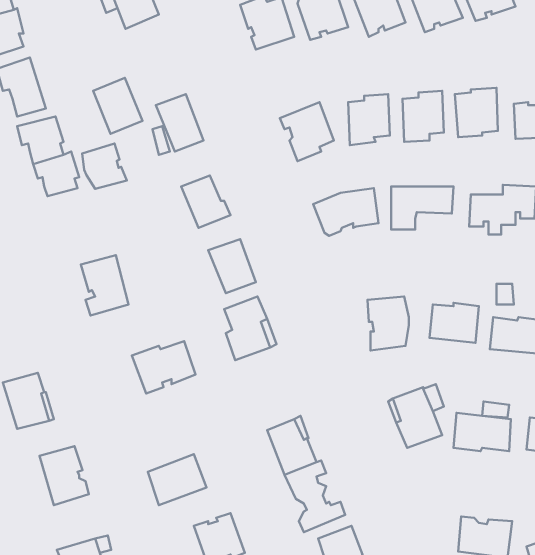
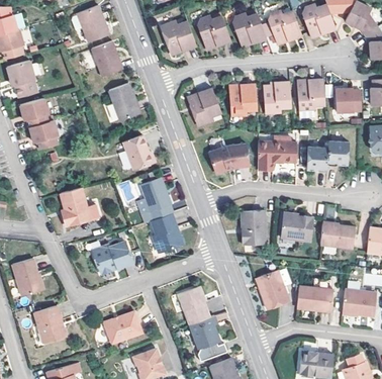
building: [93,78,142,134] -> [90,40,121,76]
building: [82,143,127,189] -> none

